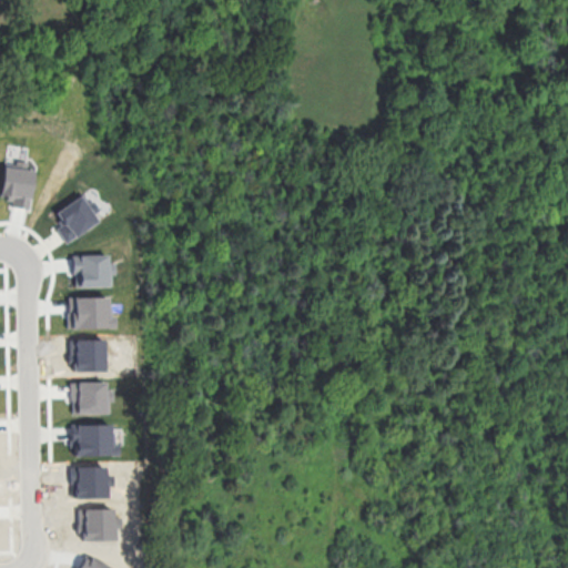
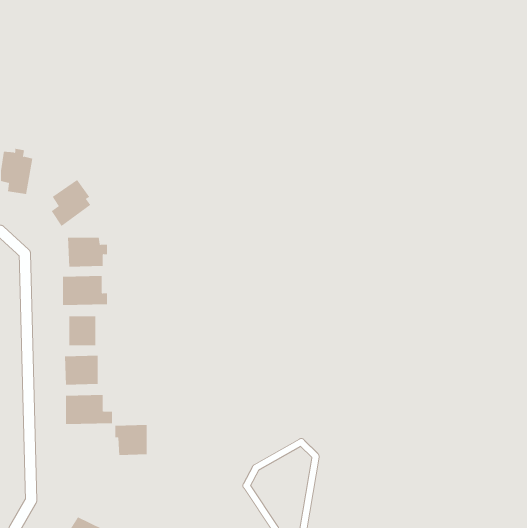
building: [71,466,106,499] -> [114,425,148,456]
building: [83,508,114,541] -> none

